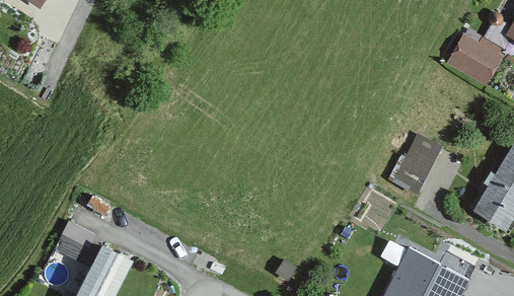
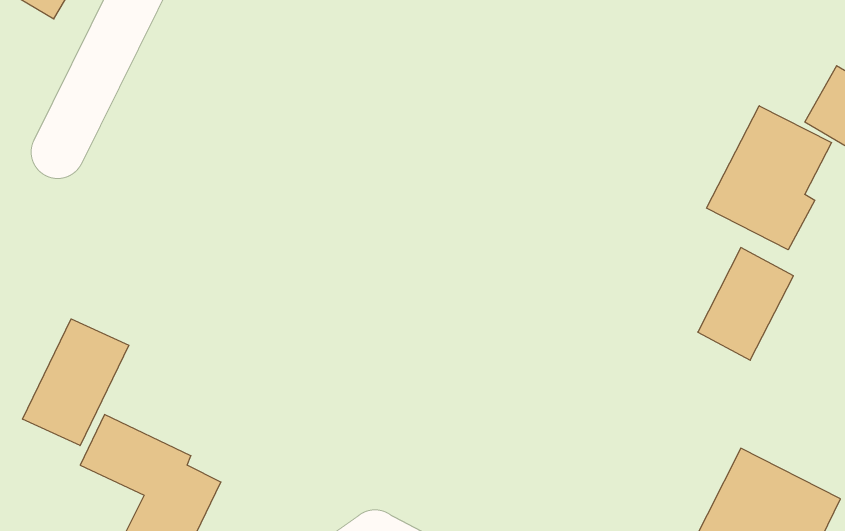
building: none -> [707,106,832,250]
building: none -> [23,319,129,446]

